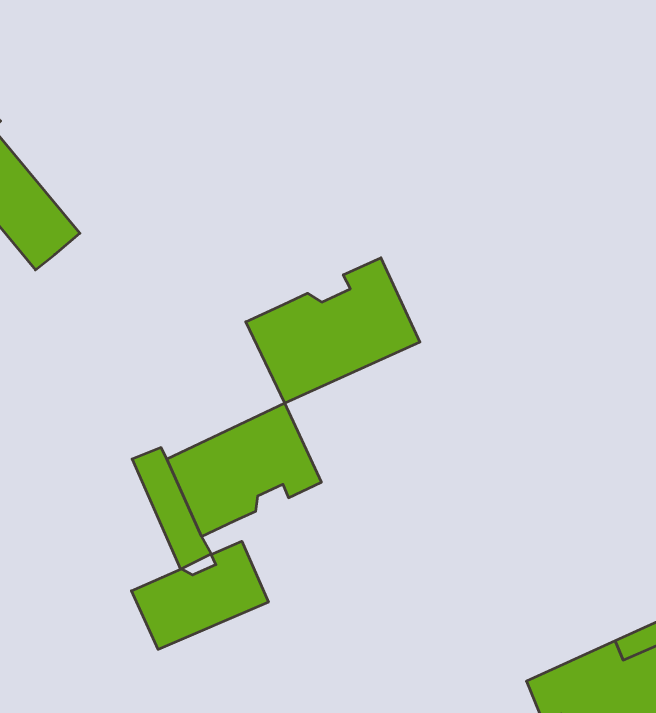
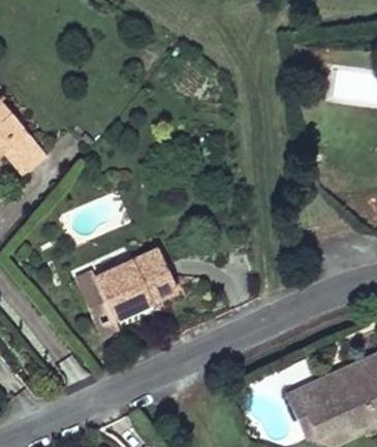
building: [246,258,420,403] -> none
building: [131,541,268,649] -> none

